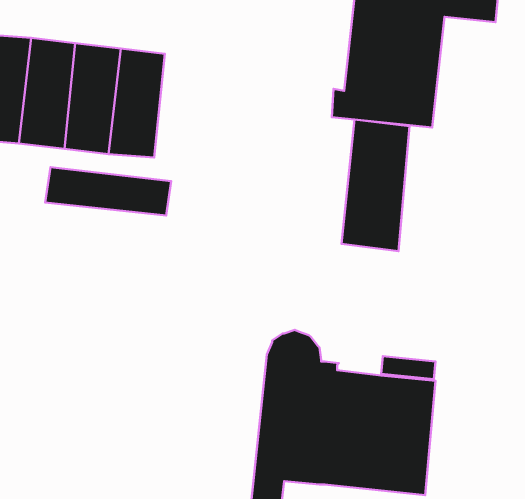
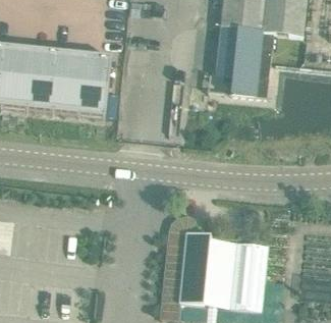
building: [342,119,409,251] -> none
building: [45,167,171,215] -> none

